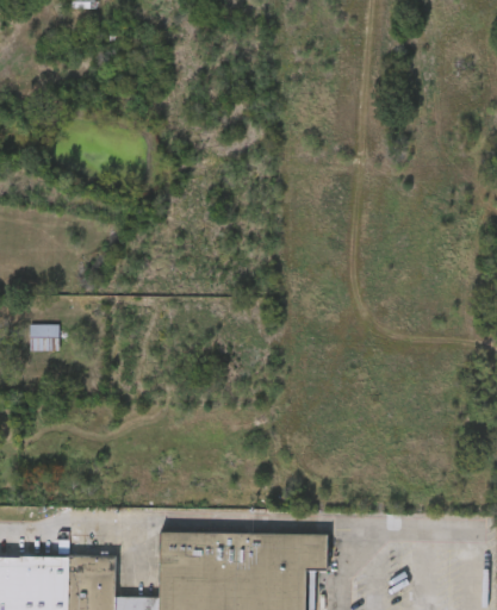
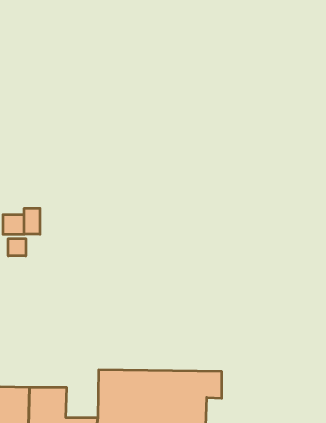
building: none -> [24,208,40,234]
building: none -> [8,239,26,256]

